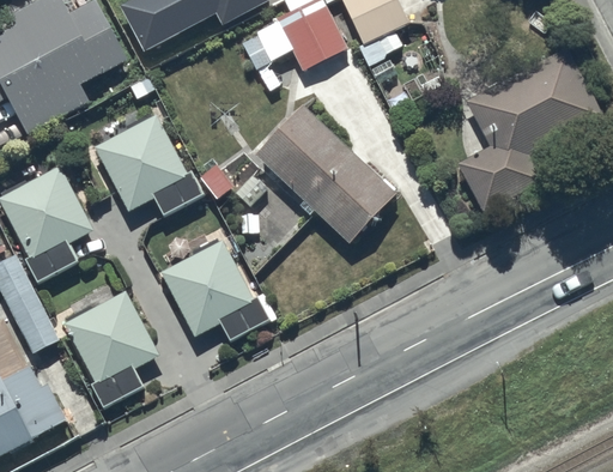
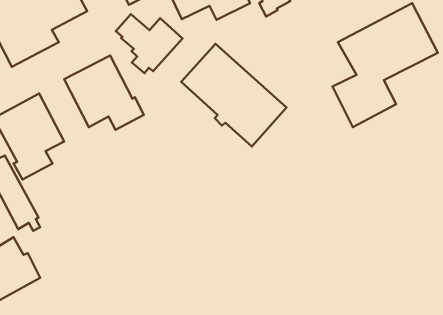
building: none -> [116,14,183,73]
building: [162,243,279,343] -> none
building: [63,284,158,410] -> none

